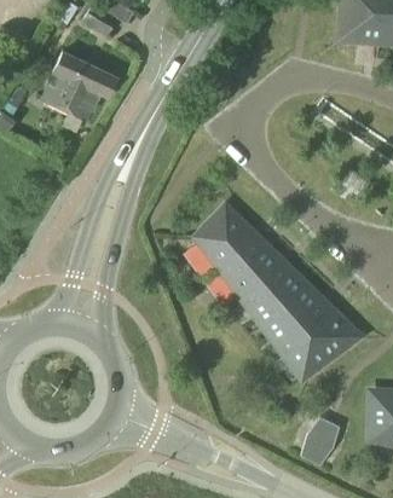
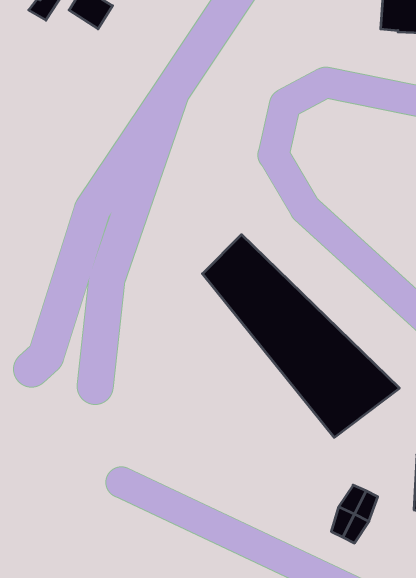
building: [41,51,117,121] -> none

